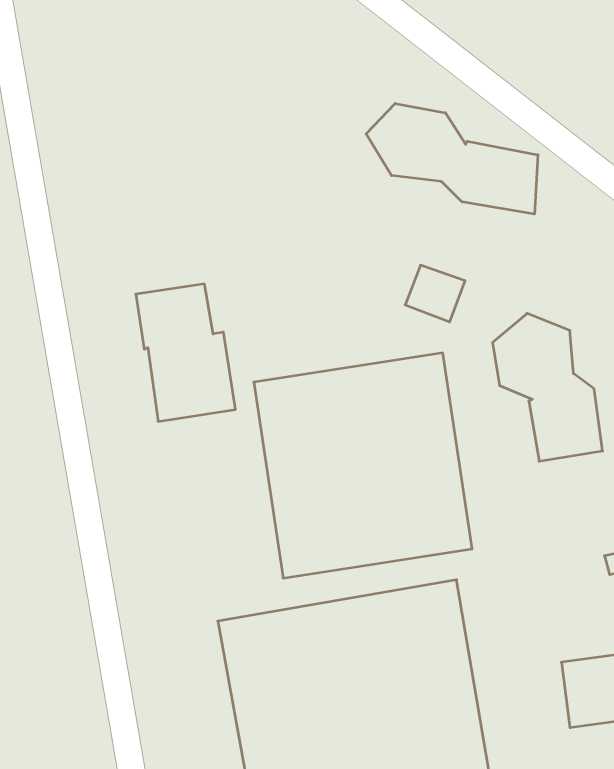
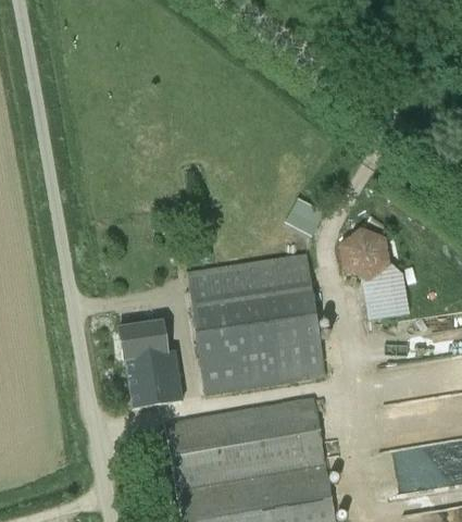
building: [366,103,538,214] -> none
building: [136,284,235,421] -> [118,322,182,409]

